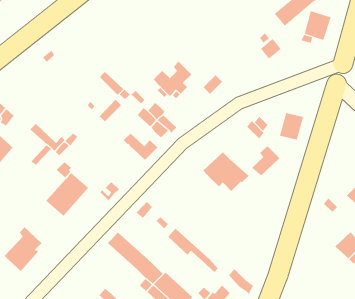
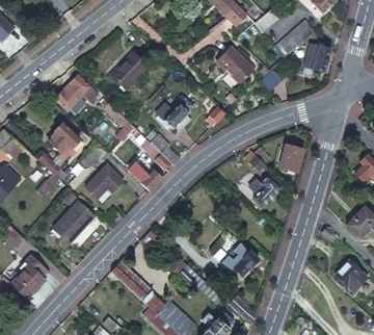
building: none -> [217,48,253,83]
building: none -> [110,52,146,89]
building: none -> [55,77,94,115]
building: none -> [48,123,78,156]
building: none -> [84,163,124,202]
building: [203,151,249,192] -> [211,234,257,274]

